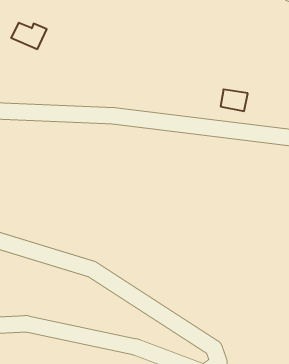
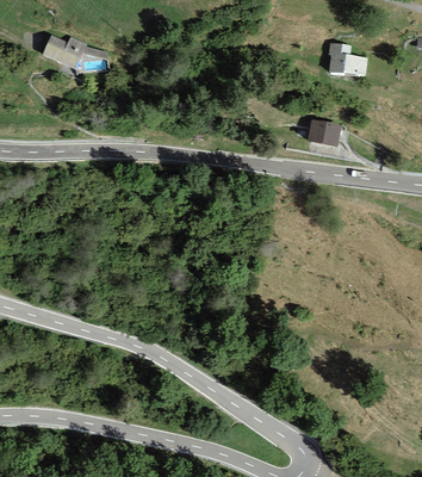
building: none -> [327,42,367,75]

